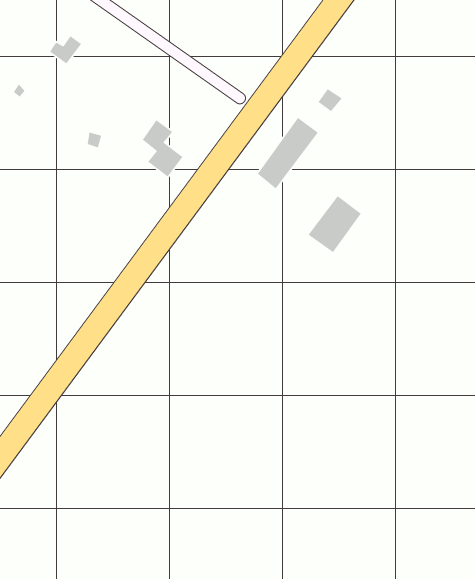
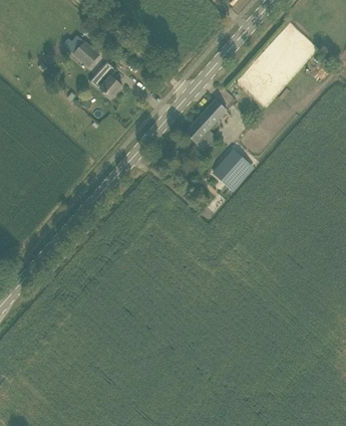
building: none -> [73,41,100,67]
building: [142,119,184,177] -> [97,61,122,98]

